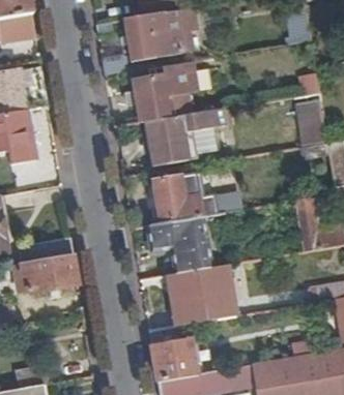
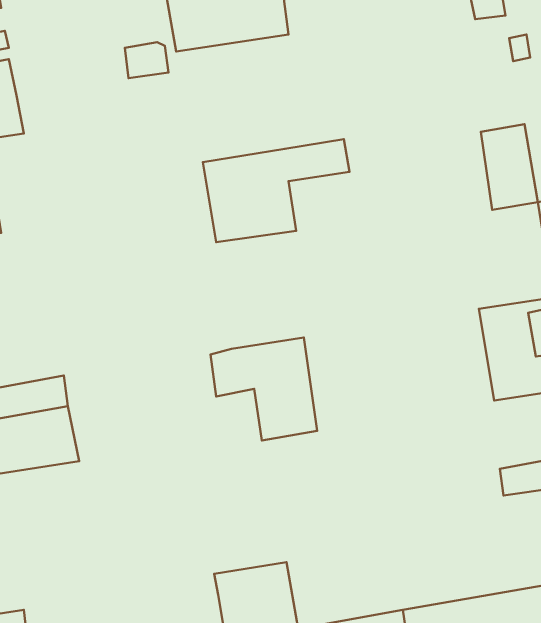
building: [134,62,196,122] -> none
building: [154,177,241,223] -> none
building: [173,266,235,327] -> none

